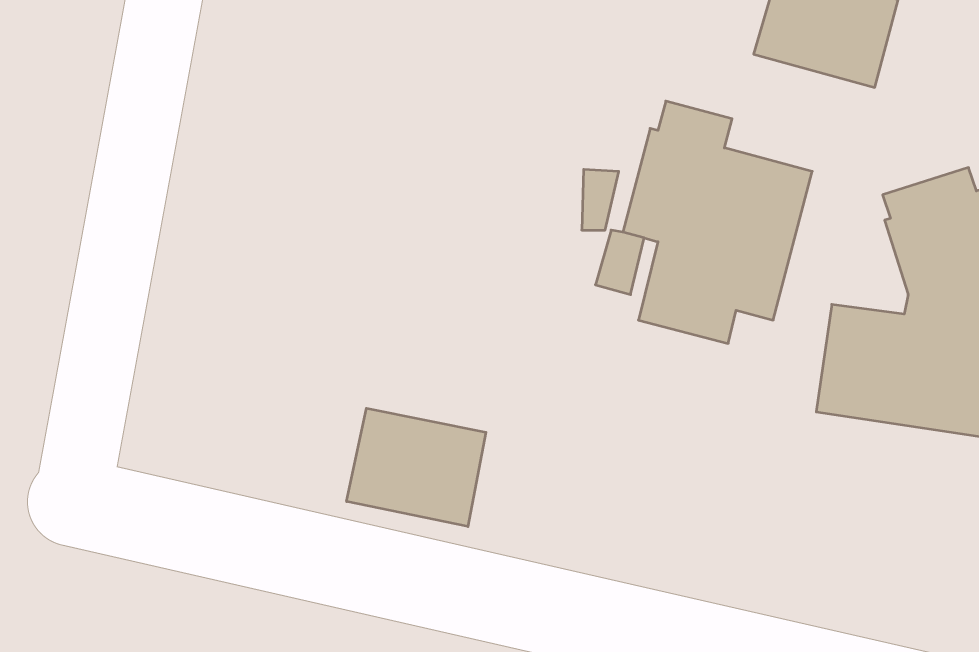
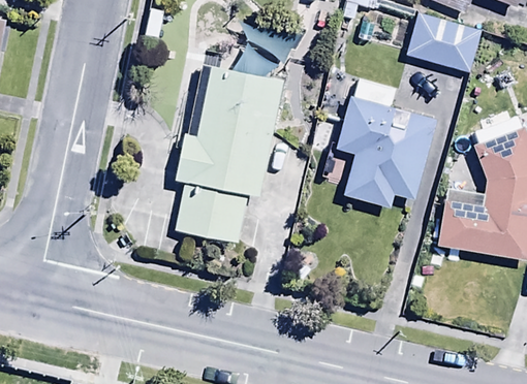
building: none -> [179,54,284,234]
building: [347,408,486,527] -> none

